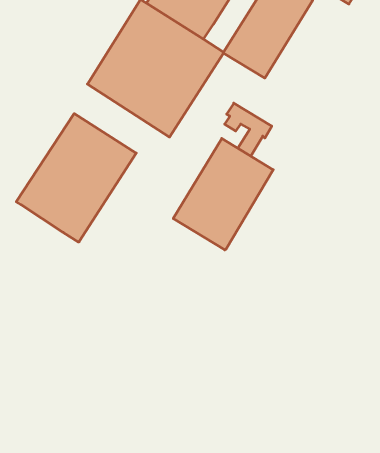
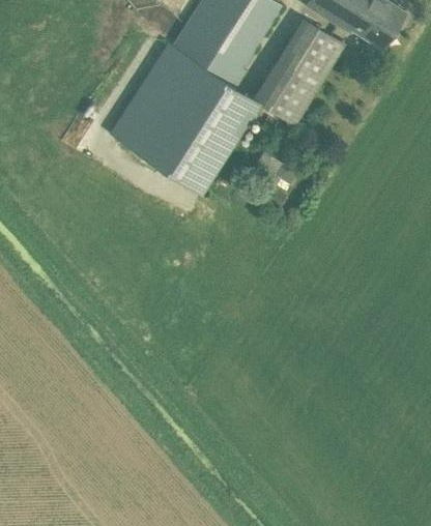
building: [16,114,136,242] -> none
building: [173,138,273,250] -> none

